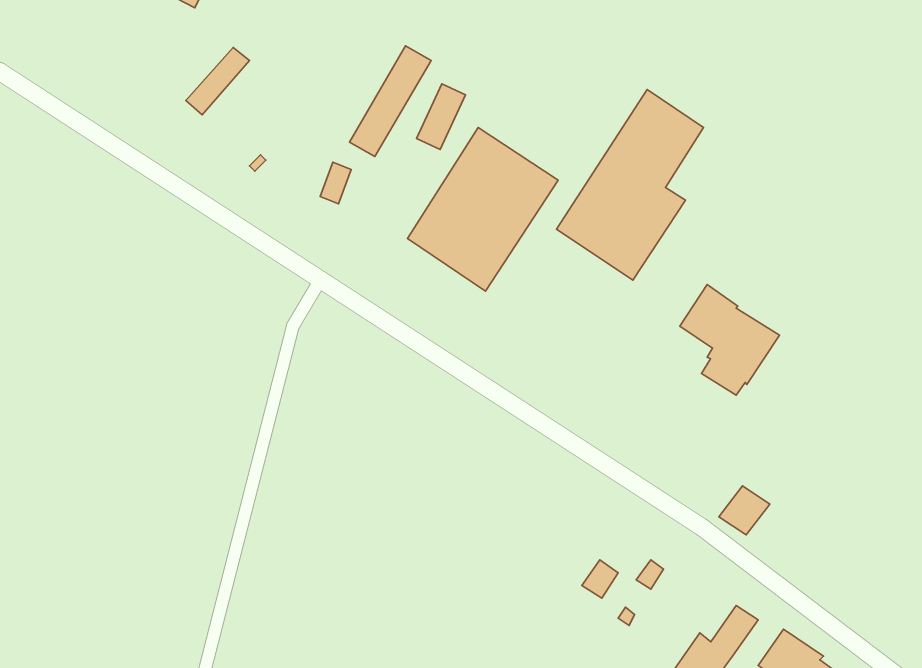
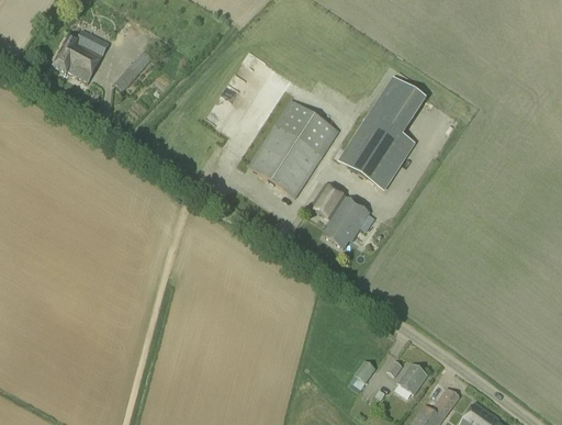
building: none -> [54,29,109,81]
building: [680,284,780,395] -> [310,181,370,248]
building: [719,486,770,535] -> [397,364,428,393]

